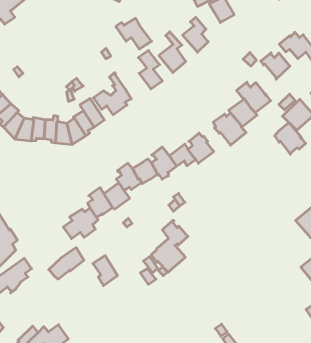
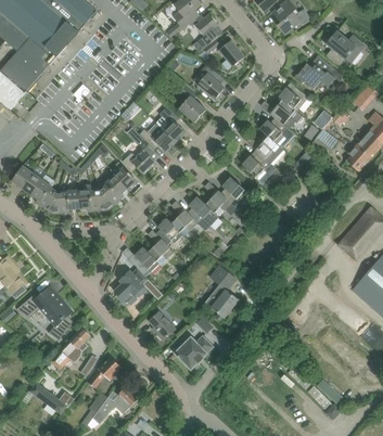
building: [116,18,152,49] -> [139,123,176,152]
building: [275,123,306,154] -> [270,99,302,129]
building: [49,248,84,279] -> [88,356,120,389]
building: none -> [175,336,213,368]

